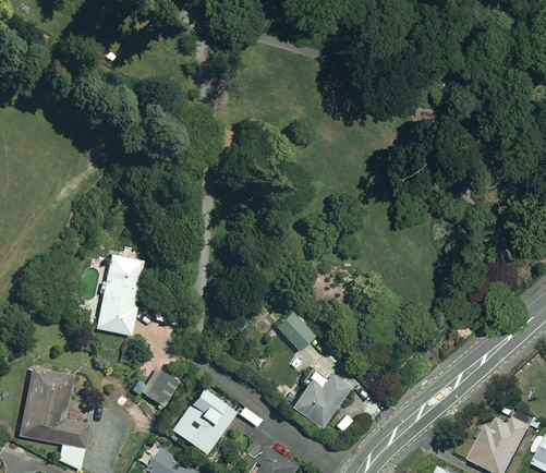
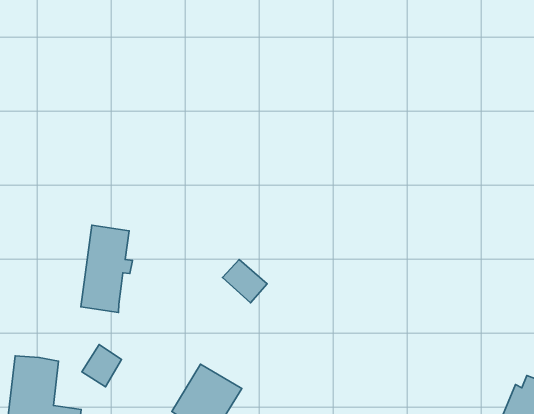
building: [275,311,315,351] -> [223,260,267,303]
building: [289,362,350,427] -> none
building: [142,367,179,407] -> [82,344,122,387]

